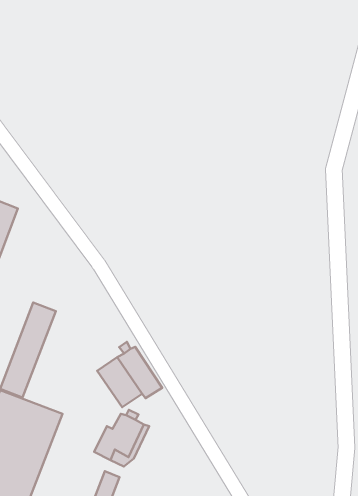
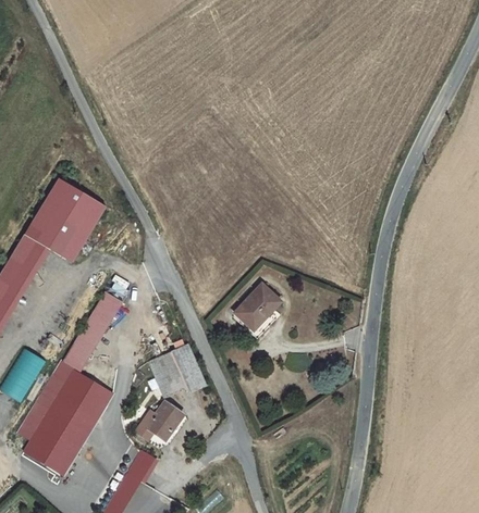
building: none -> [234,284,280,338]

